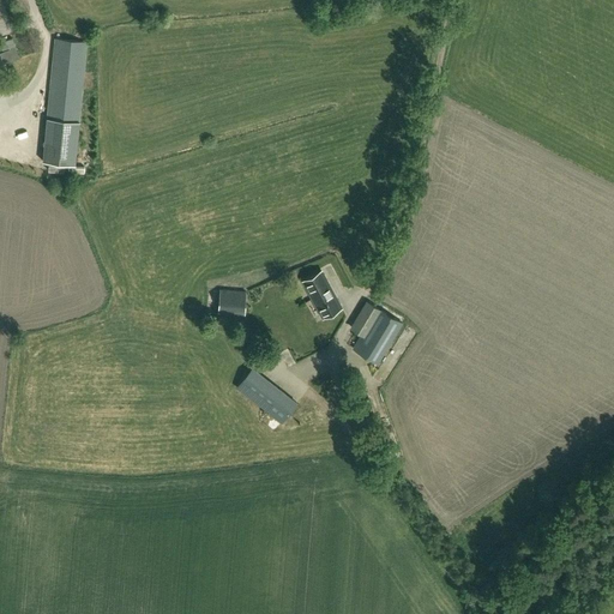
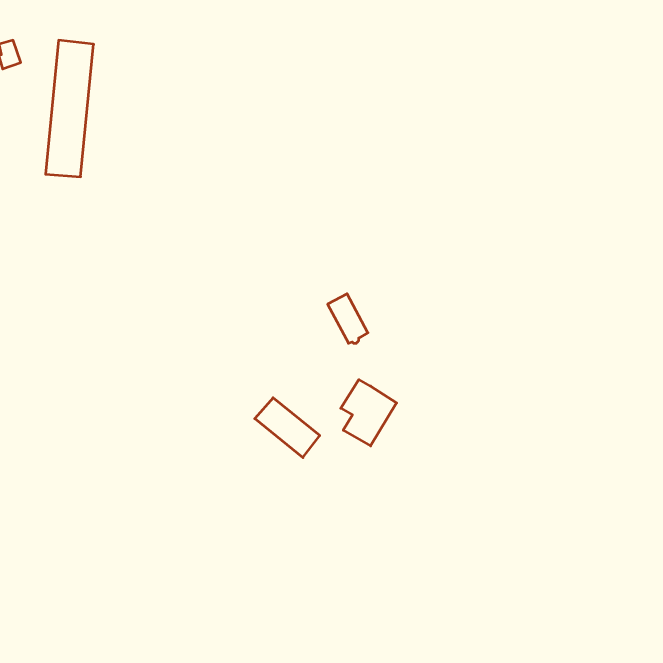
building: [217,290,246,315] -> none
building: [349,302,401,363] -> [341,380,397,446]

